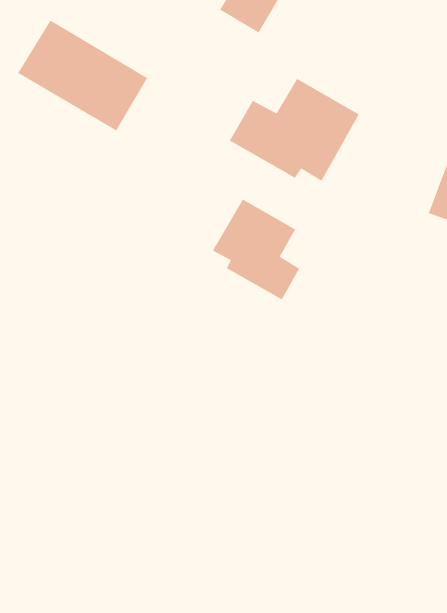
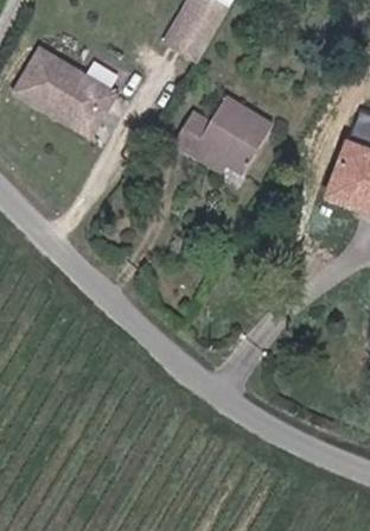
building: [212,199,300,301] -> none

